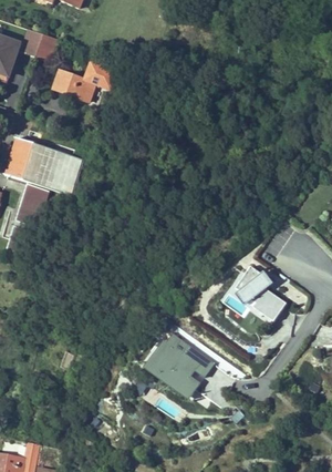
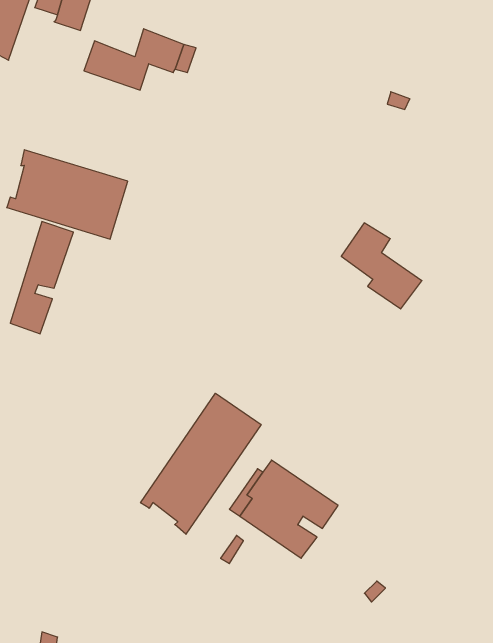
building: [235,267,286,321] -> [341,223,422,309]
building: none -> [141,393,261,534]

